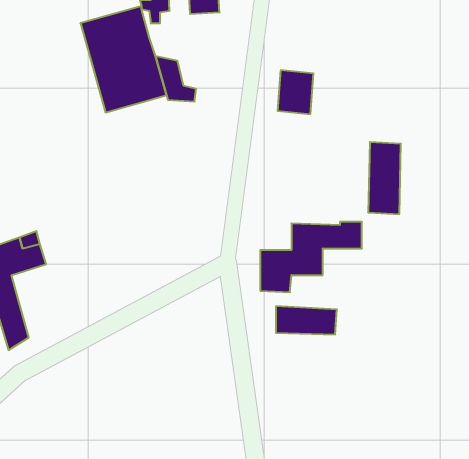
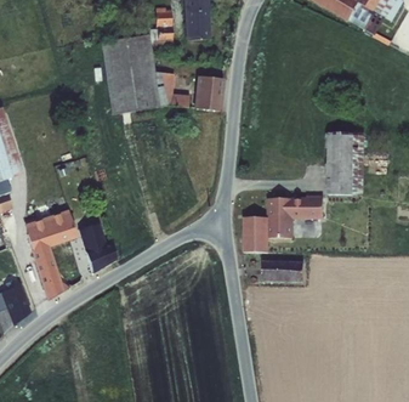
building: [278,70,313,114] -> [195,84,223,118]
building: none -> [74,220,115,278]

